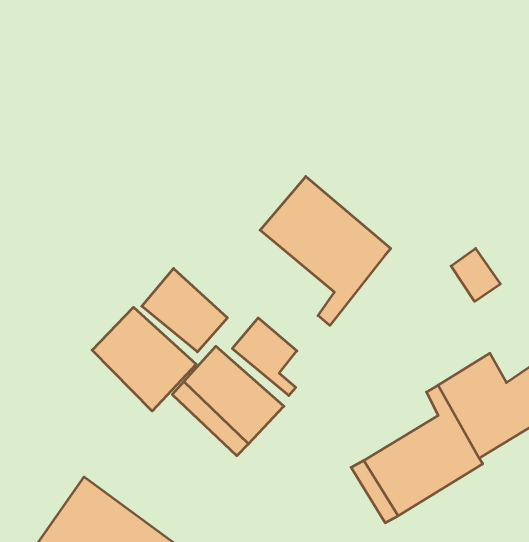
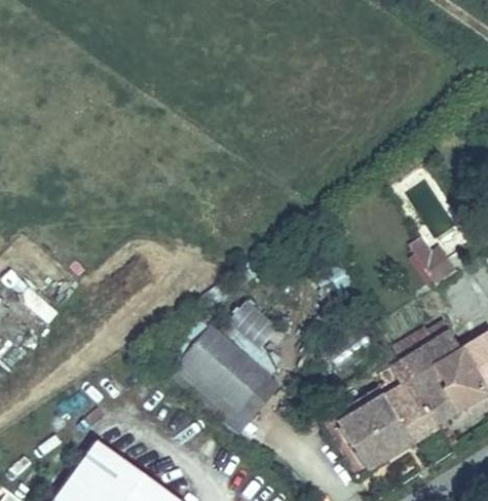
building: [260,176,391,325] -> none
building: [142,268,227,352] -> none
building: [92,307,196,411] -> none

